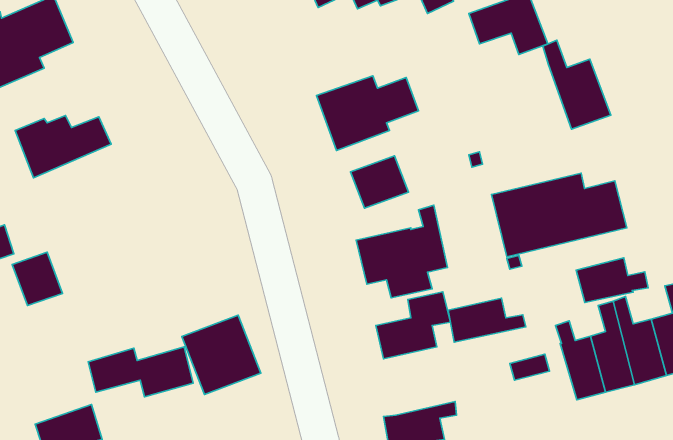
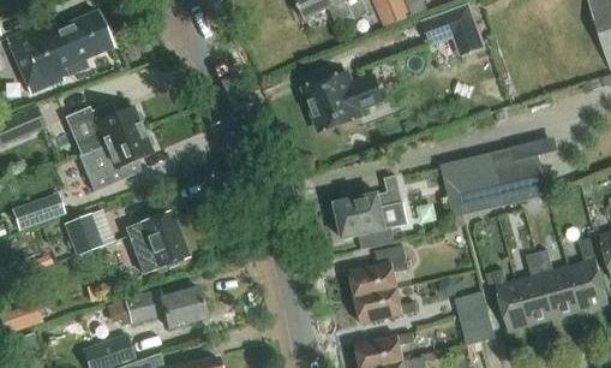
building: [543,40,611,129] -> none
building: none -> [77,126,151,190]
building: [350,156,408,208] -> none
building: [576,258,648,303] -> none
building: [448,298,526,342] -> [355,286,417,321]
building: [182,315,261,394] -> [125,209,187,272]
building: none -> [459,305,495,345]

